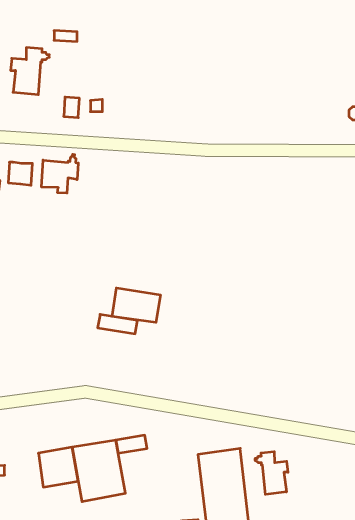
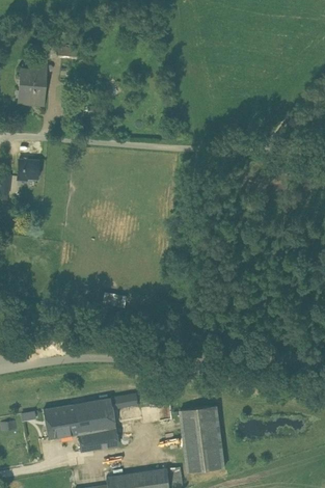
building: [42,154,78,193] -> none
building: [112,288,160,322] -> none
building: [255,452,288,494] -> none

